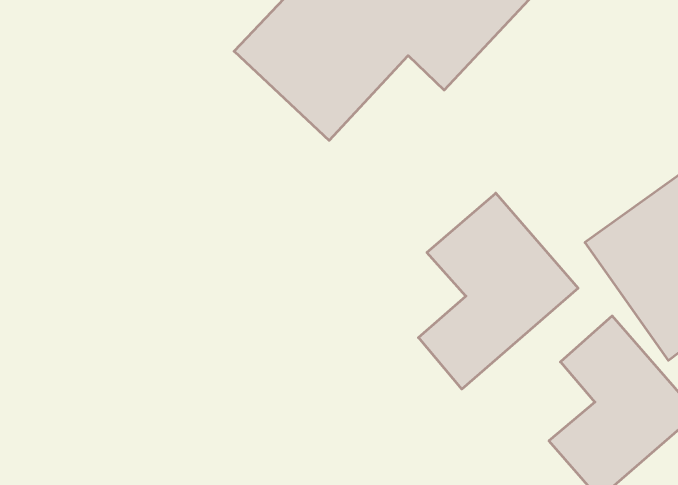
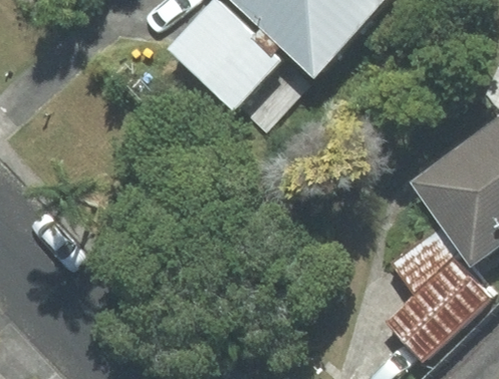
building: [418,193,578,389] -> none

